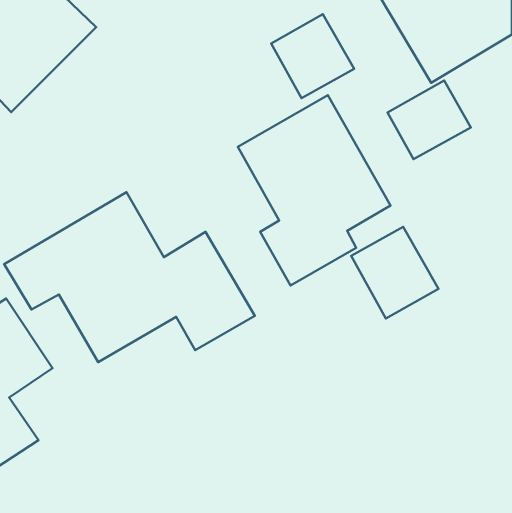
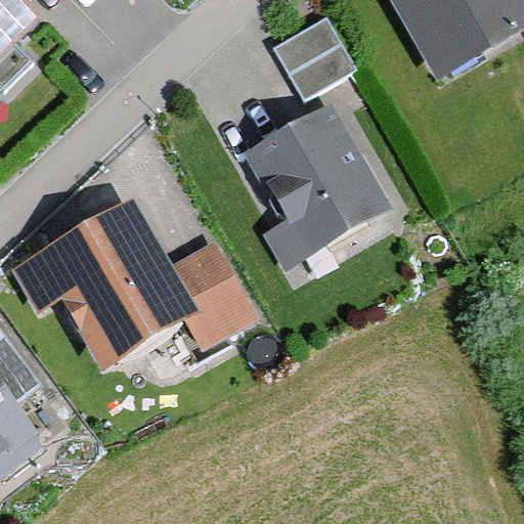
building: [388,80,471,159] -> none
building: [351,227,439,319] -> none

